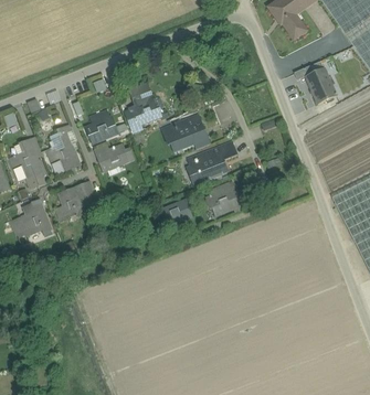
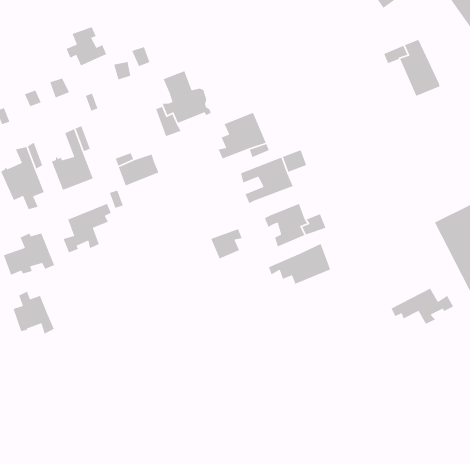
building: [86,111,117,141] -> [65,26,107,66]
building: none -> [268,243,331,285]
building: none -> [391,288,454,325]
building: none -> [13,291,55,335]

